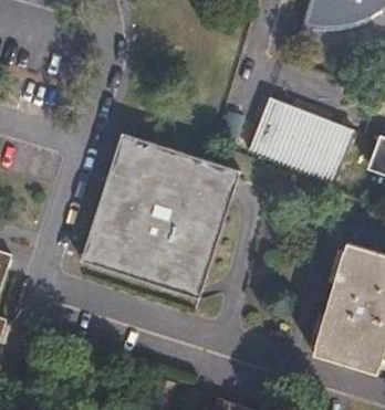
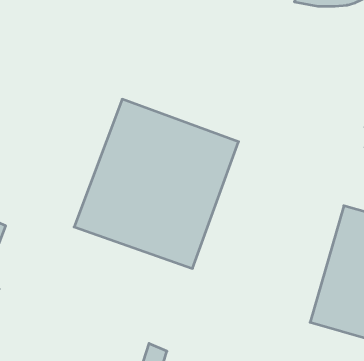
building: [250,99,352,185] -> none

